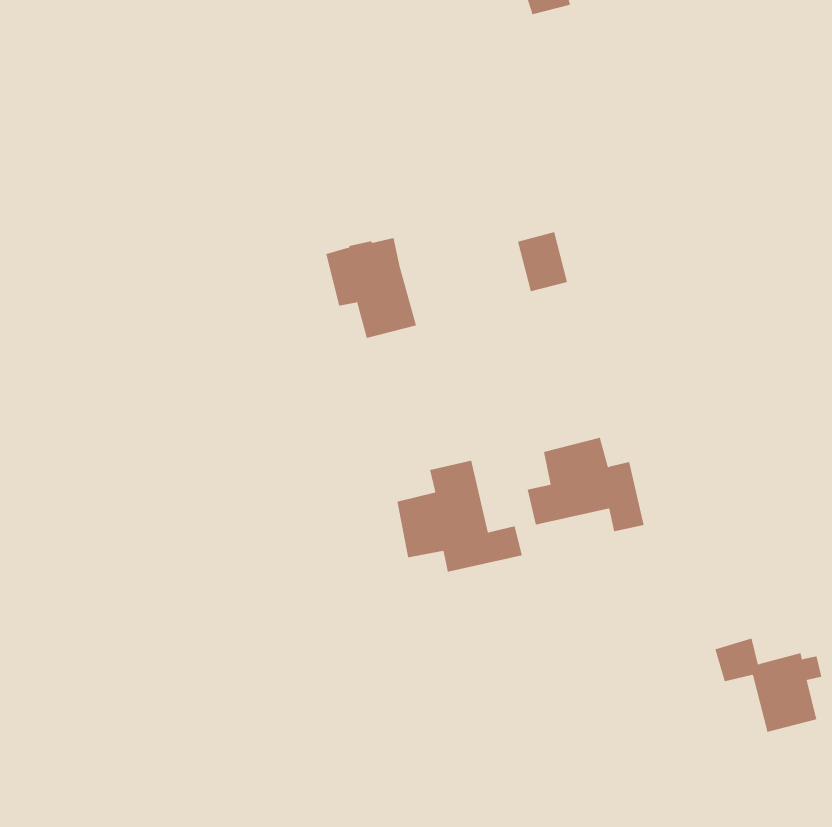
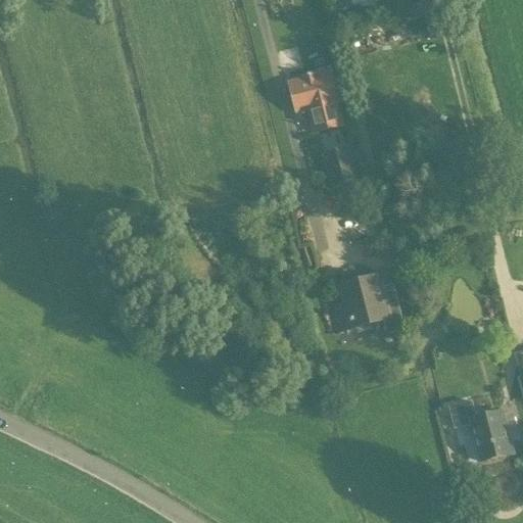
building: [326,238,417,339] -> [286,68,343,132]
building: [397,460,522,573] -> none

